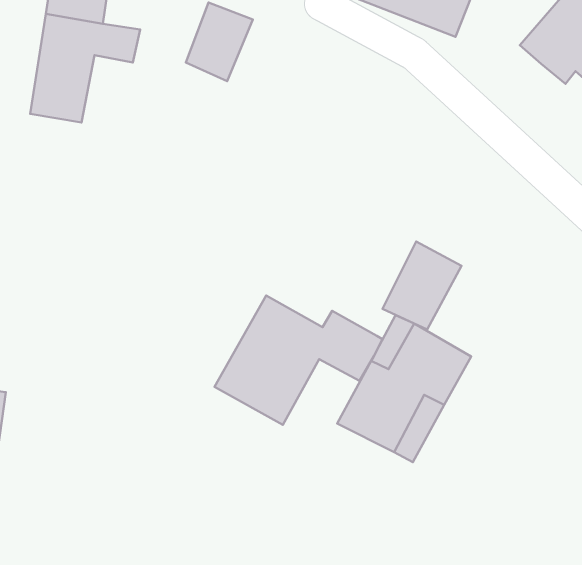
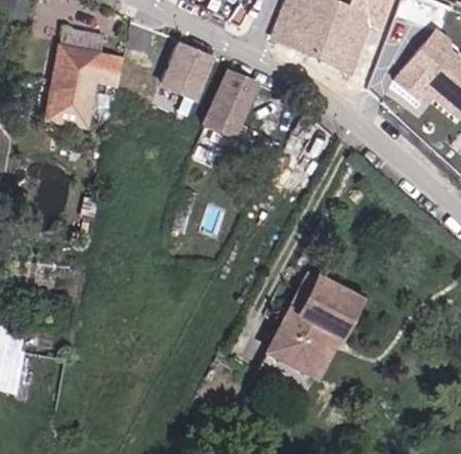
building: none -> [204,71,255,137]
building: [383,242,462,330] -> none
building: [215,296,383,425] -> none

